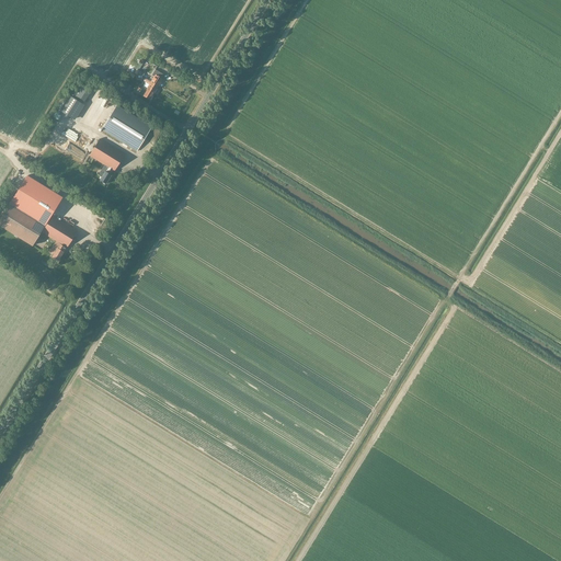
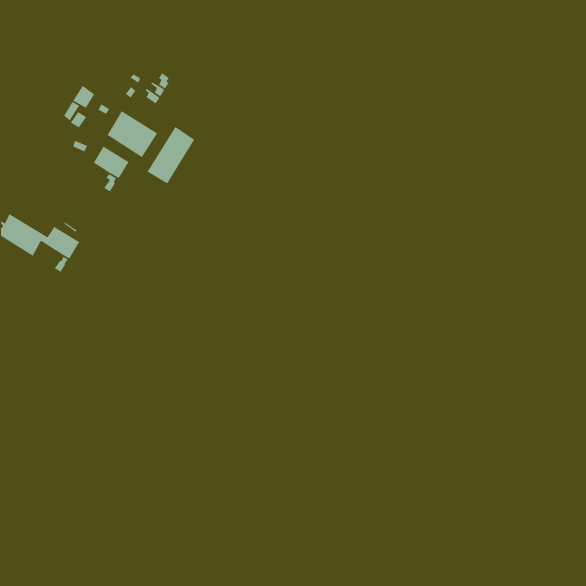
building: none -> [147,126,195,185]
building: [9,175,61,226] -> none

